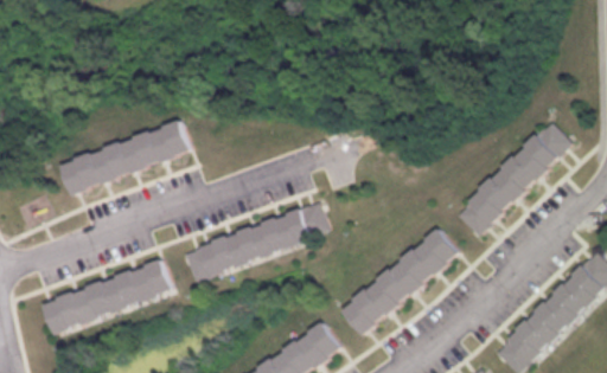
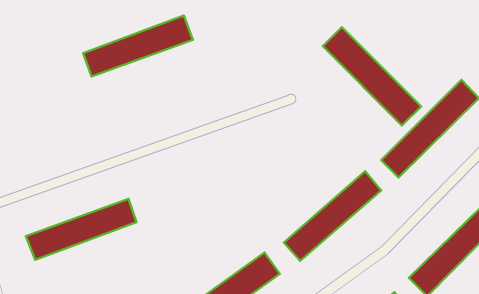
building: none -> [323,27,421,126]
building: [65,122,193,193] -> [83,15,193,76]
building: [186,202,328,281] -> none

